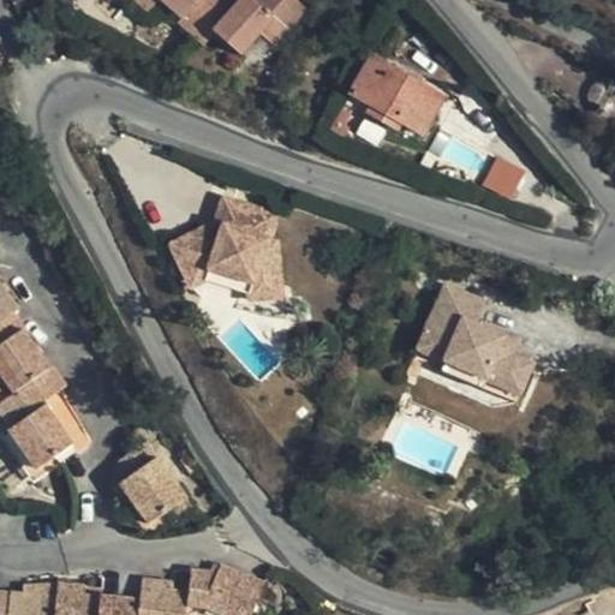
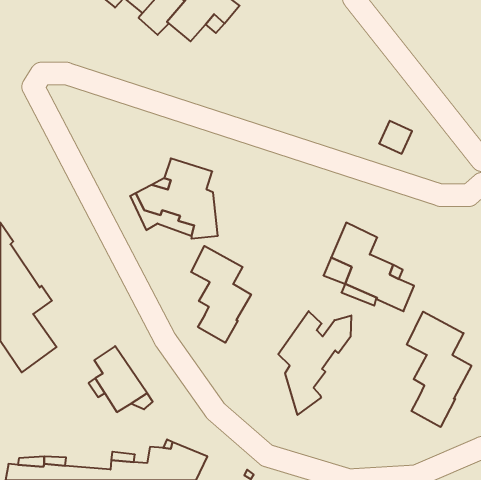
building: [352,55,446,132] -> none
building: none -> [191,246,251,343]
building: none -> [278,311,351,415]
building: none -> [407,312,471,427]

